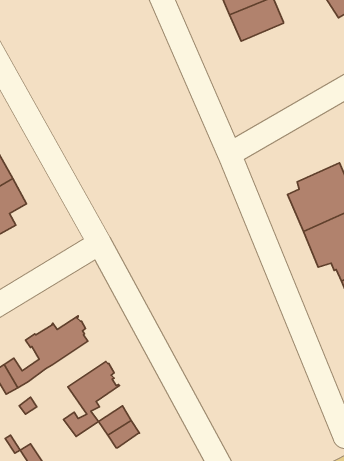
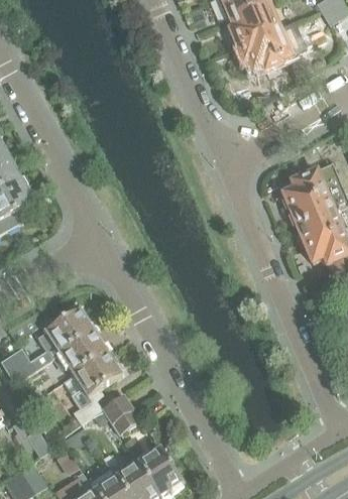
building: none -> [237,21,304,74]
building: none -> [57,329,108,375]

